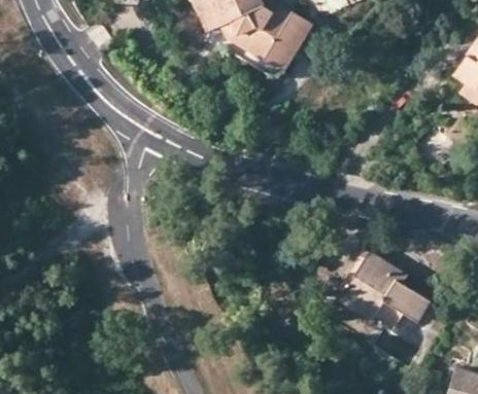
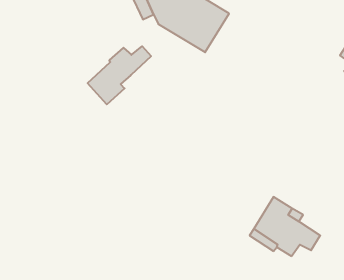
building: none -> [88,46,151,104]

